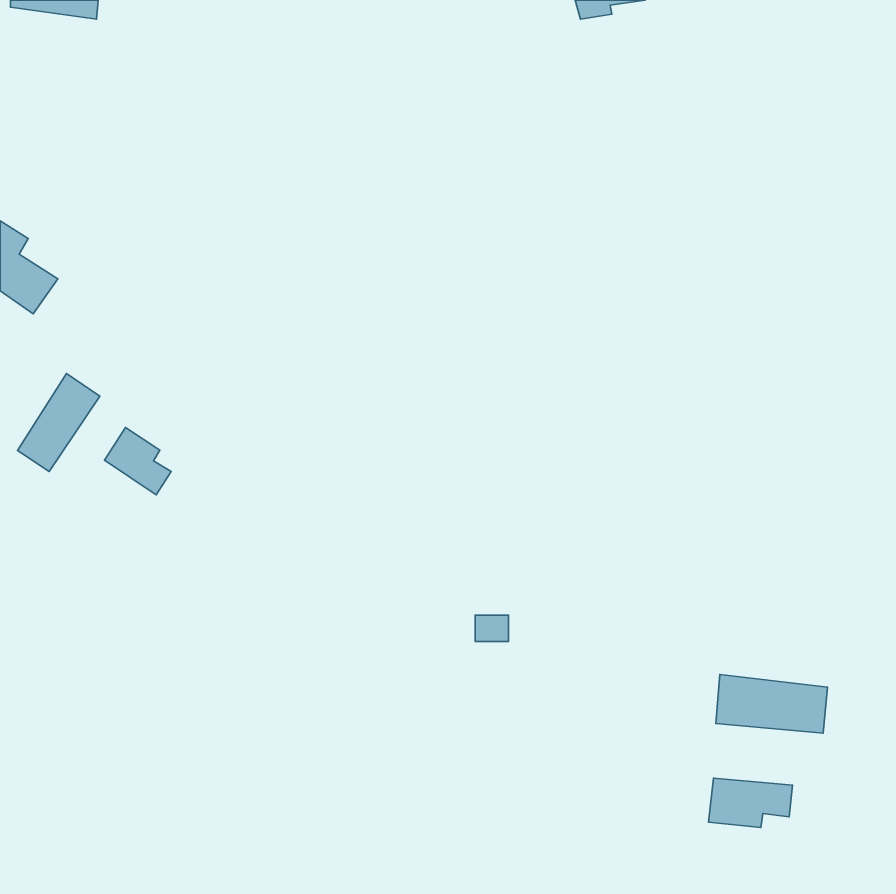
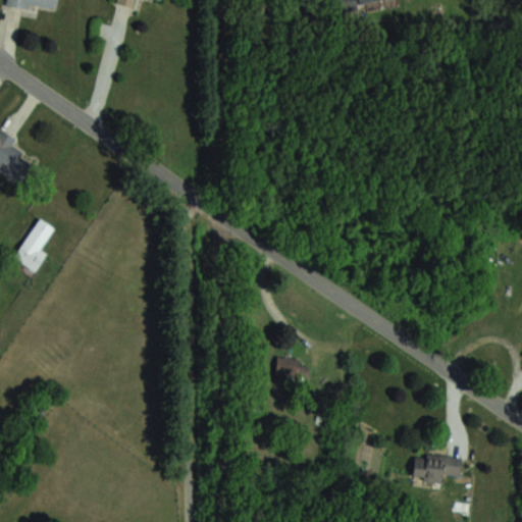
building: [105,428,171,495] -> none
building: [716,675,828,733] -> none

